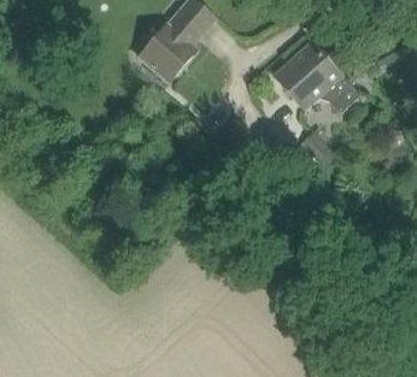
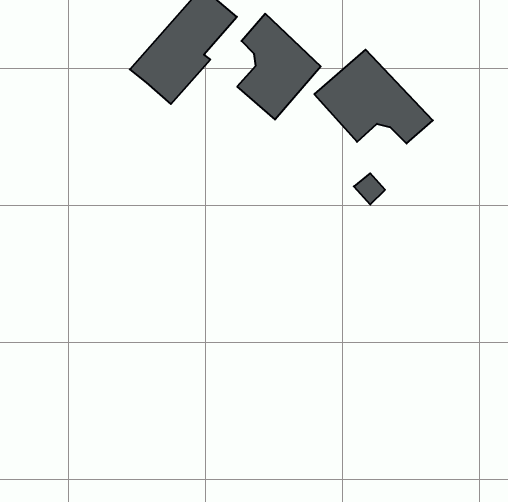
building: none -> [237,14,321,120]

